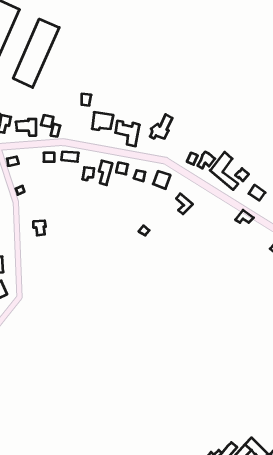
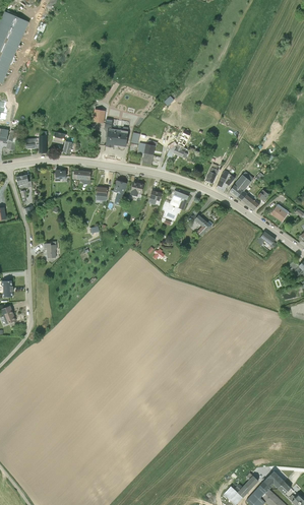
building: [13,19,59,88] -> none

